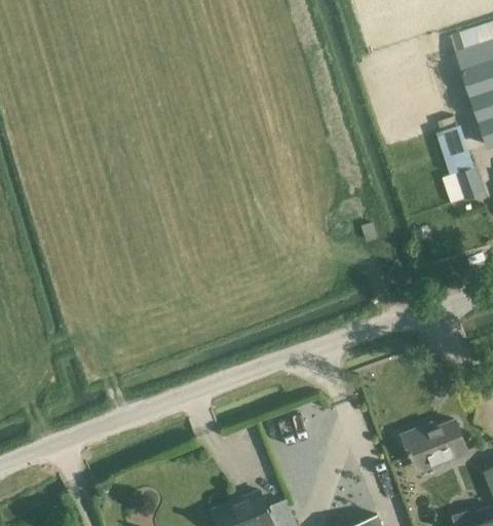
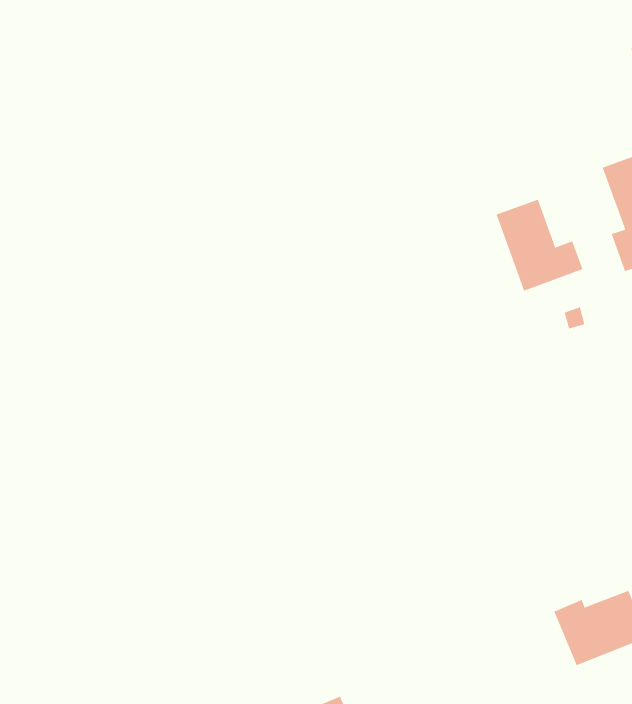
building: none -> [496,199,583,291]

